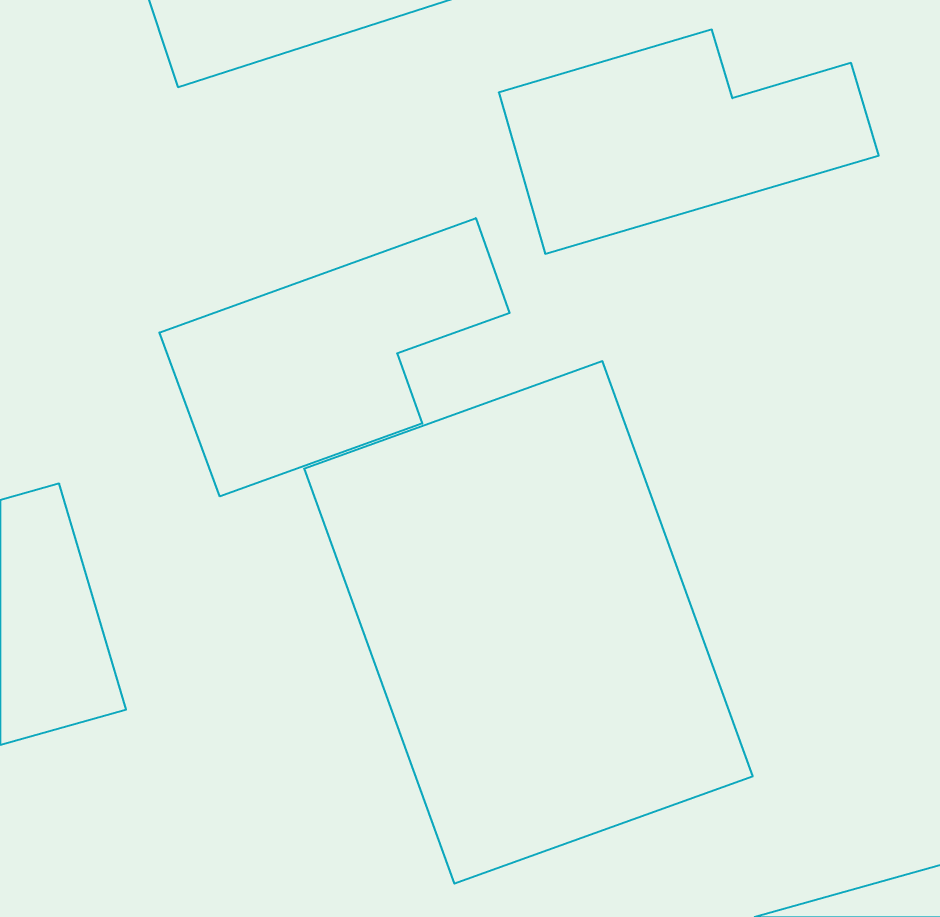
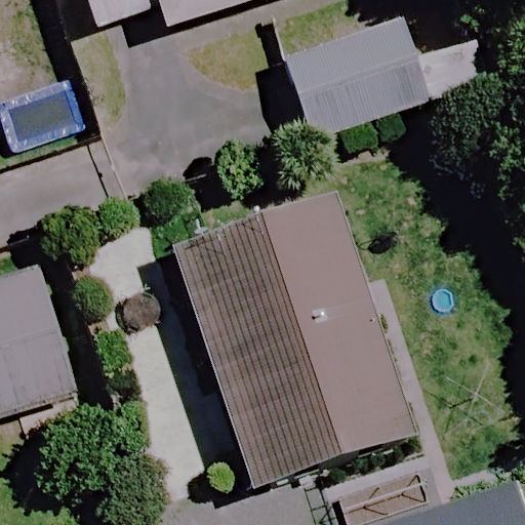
building: [159,218,510,496] -> none

